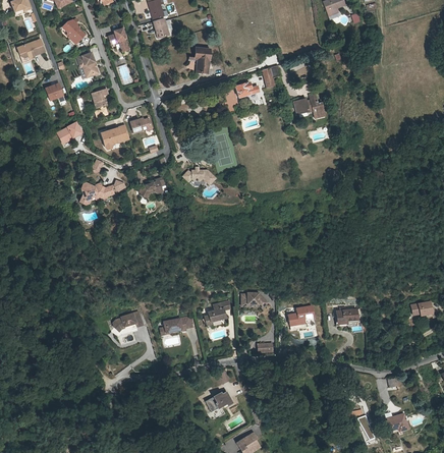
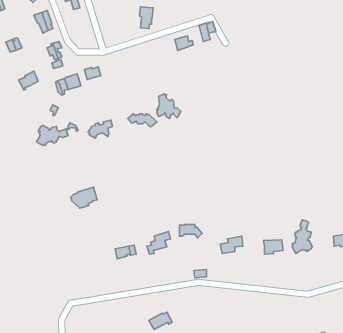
building: [295,94,327,116] -> none
building: none -> [157,94,181,118]
building: none -> [292,220,312,254]
building: [113,310,143,334] -> [71,187,97,208]

